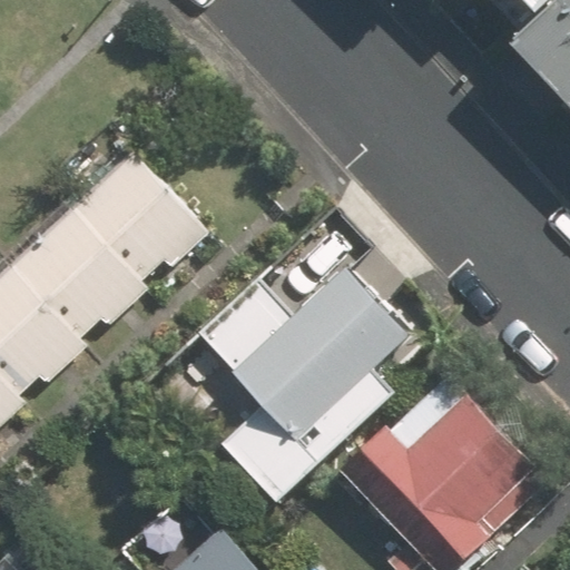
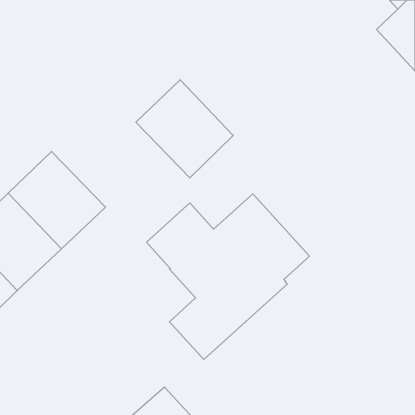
building: [70,153,203,286] -> [136,80,233,178]
building: [366,381,544,560] -> none

